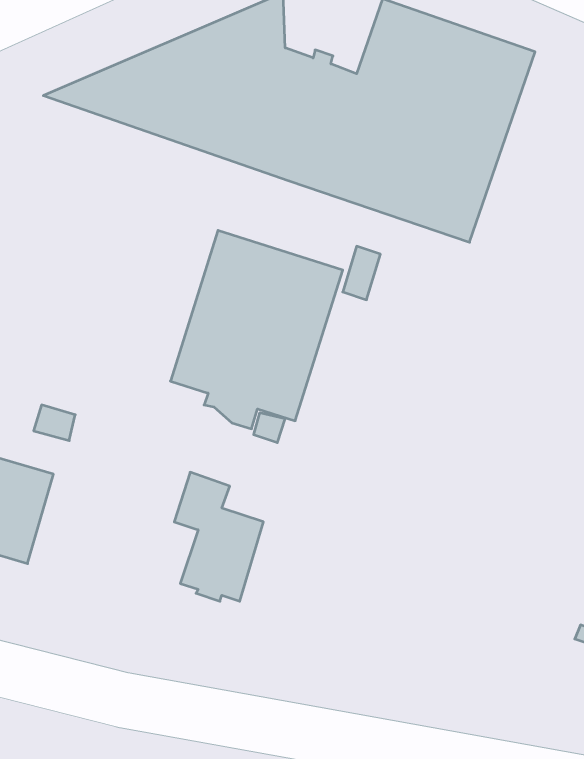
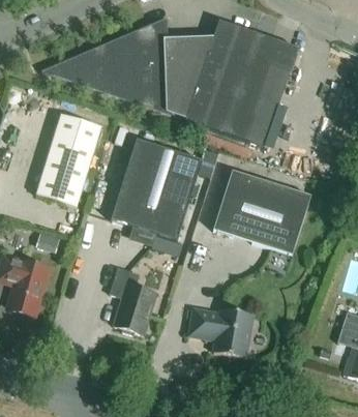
building: none -> [37,113,101,205]
building: none -> [214,169,311,254]
building: none -> [190,307,253,356]

